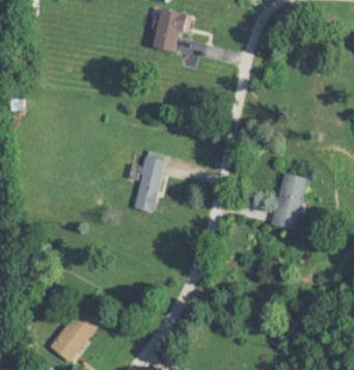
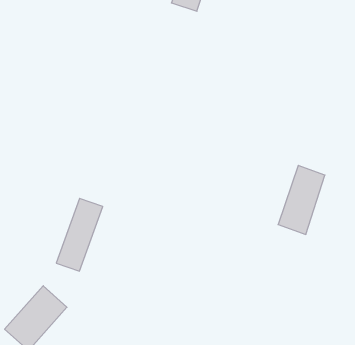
building: [133,151,166,213] -> [56,198,103,271]

